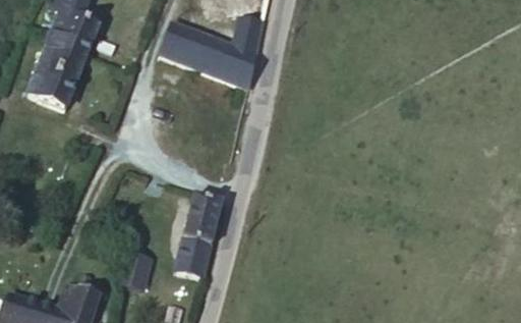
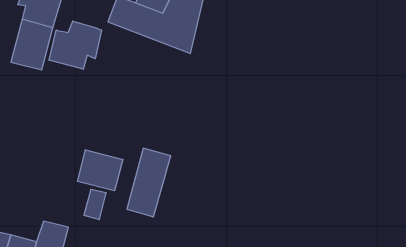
building: none -> [49,21,102,69]
building: none -> [78,150,123,191]

